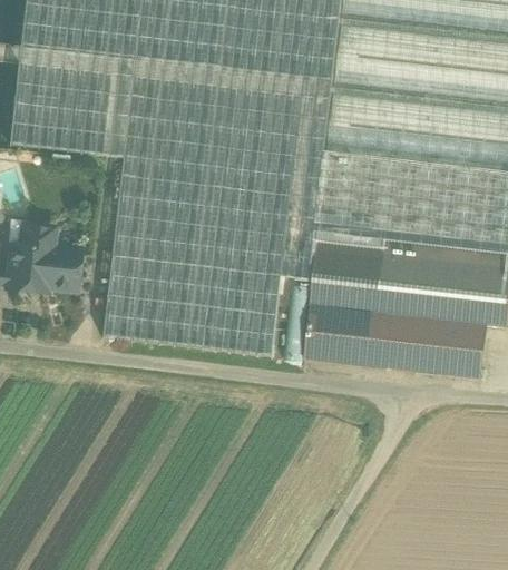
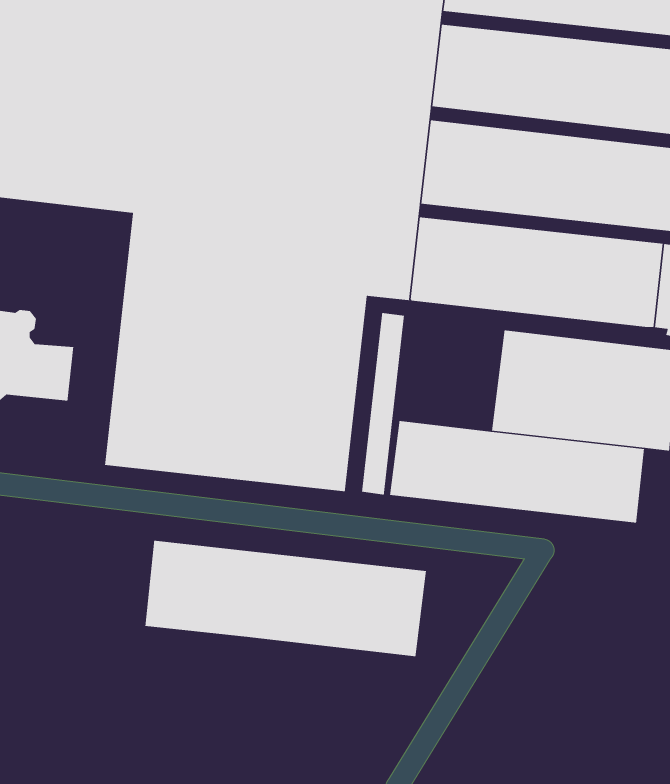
building: [313,218,490,311] -> none
building: none -> [145,540,427,657]

